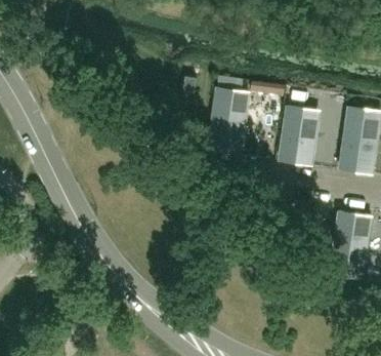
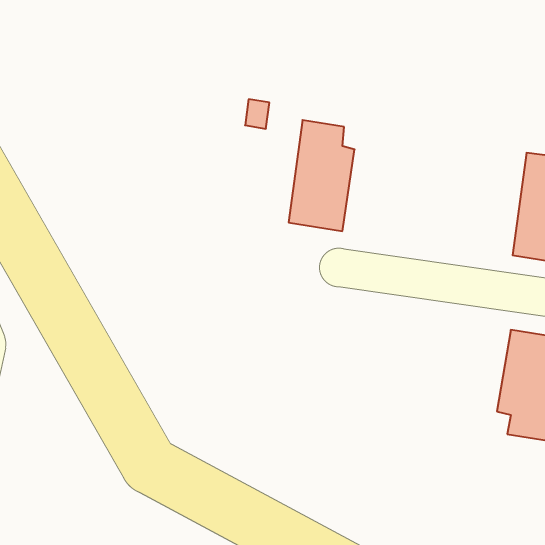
building: [279,106,319,165] -> none

